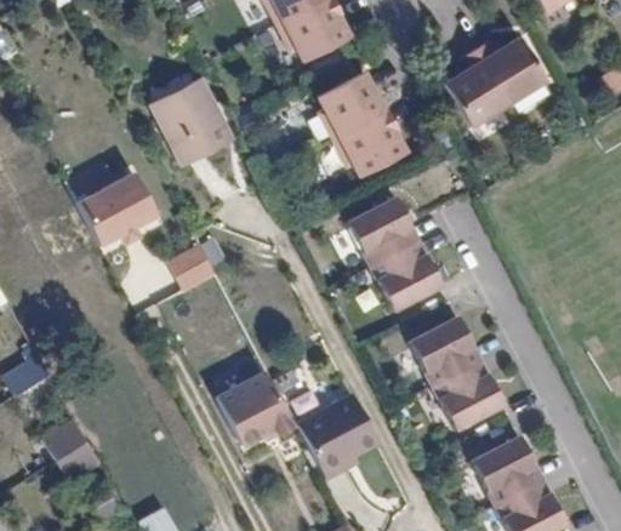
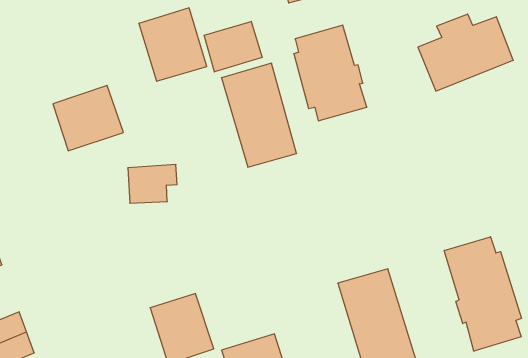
building: none -> [204,21,262,72]
building: [344,194,437,307] -> [221,63,297,167]
building: none -> [444,237,521,351]

